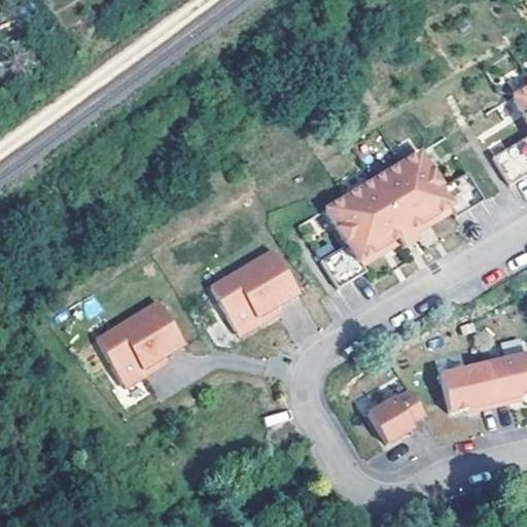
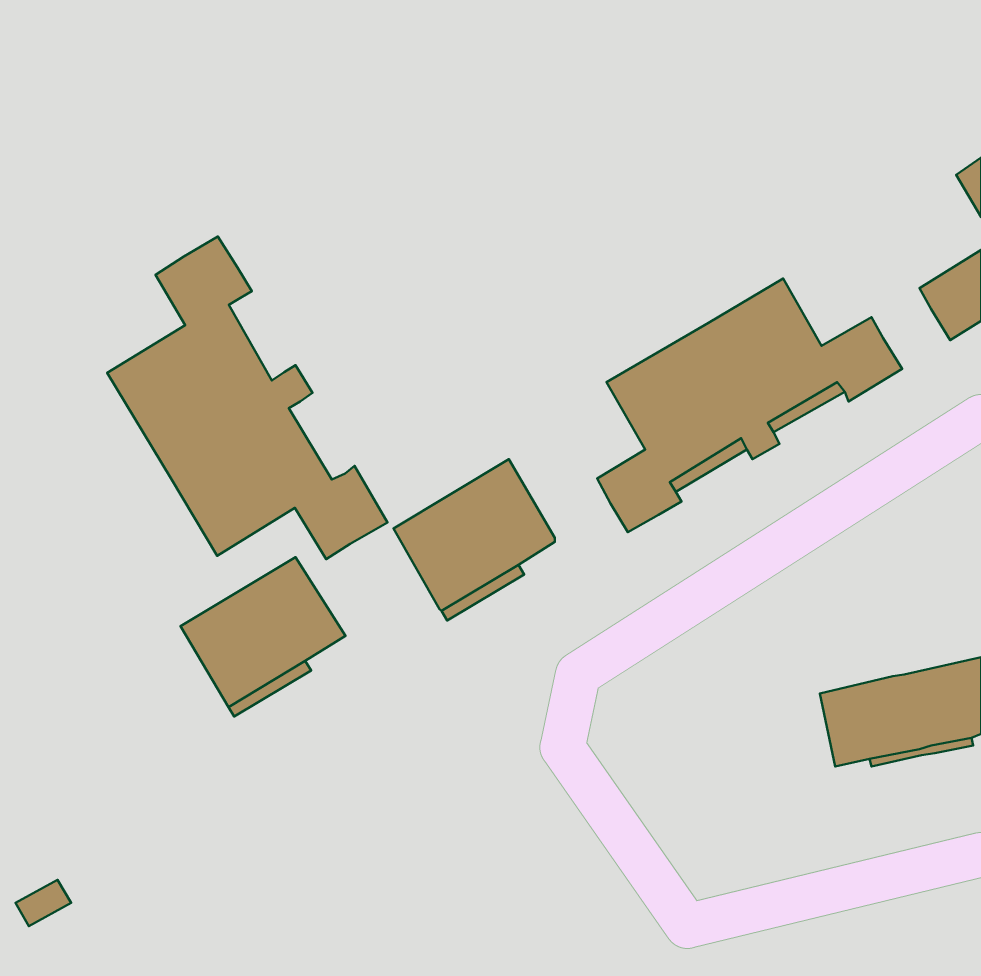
building: none -> [107,236,387,559]
building: [370,390,424,443] -> none

